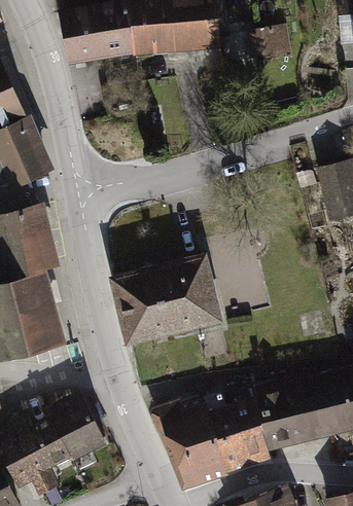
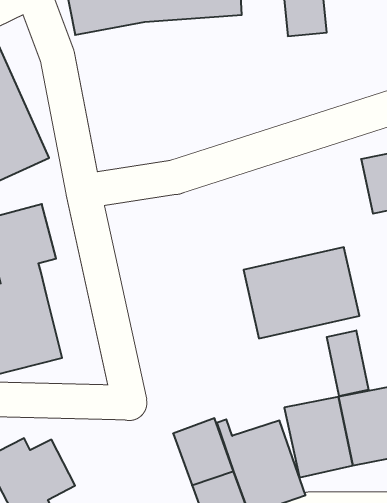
building: [112,258,213,337] -> [244,247,359,338]
building: none -> [327,330,368,396]
building: [47,391,106,460] -> none

